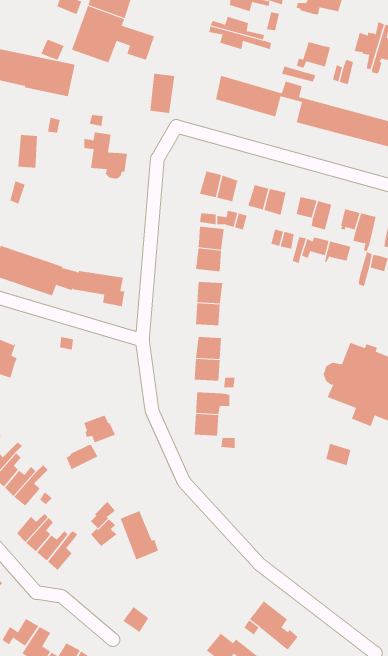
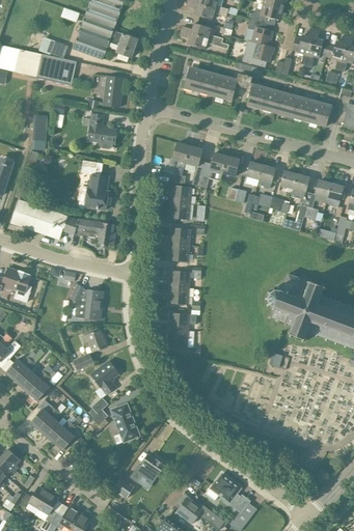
building: none -> [244,19,273,46]
building: [150,73,175,113] -> [104,76,124,107]
building: none -> [79,160,109,209]
building: none -> [71,283,104,319]
building: none -> [91,360,119,393]
building: none -> [131,453,168,481]

